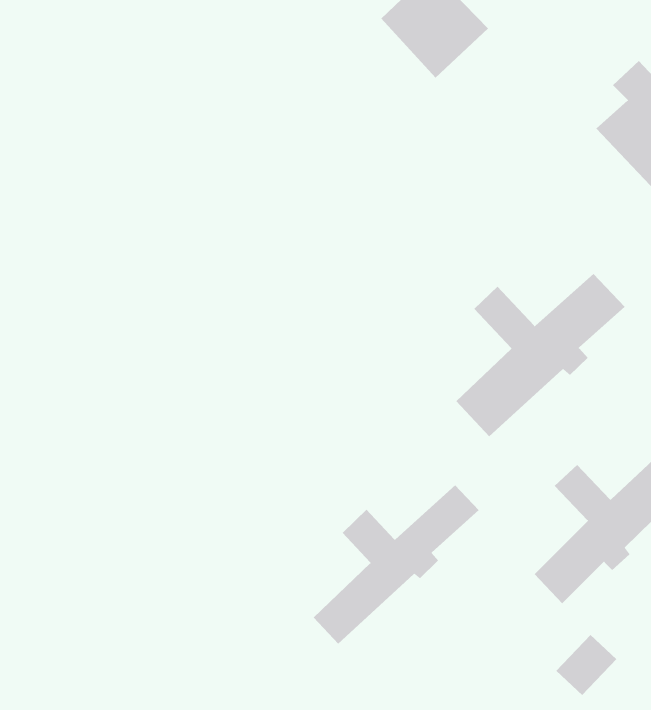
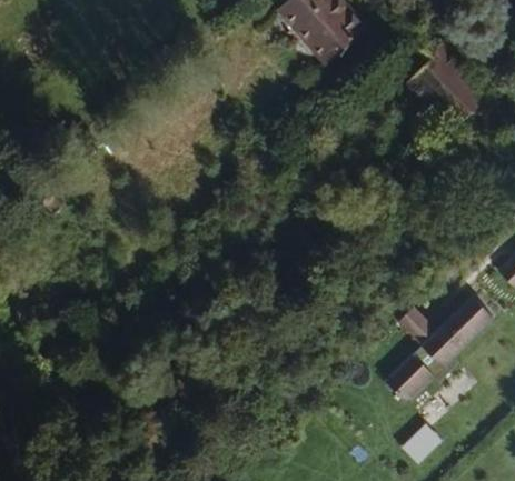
building: [455,273,626,437] -> none
building: [313,484,479,645] -> none

